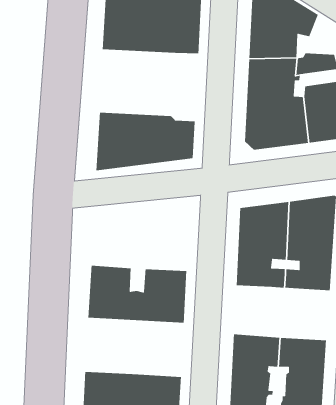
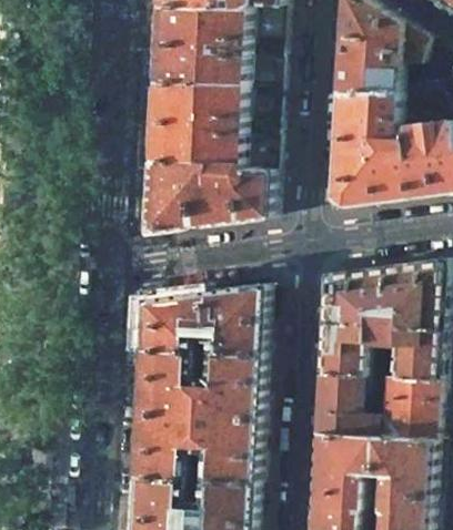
building: none -> [149,81,272,169]
building: none -> [139,283,261,353]
building: none -> [314,371,434,438]
building: none -> [131,411,254,483]

